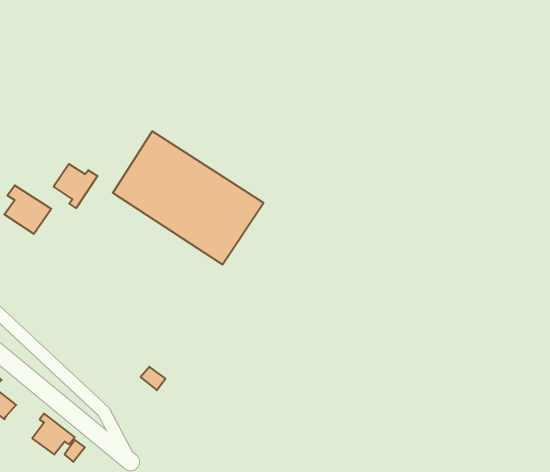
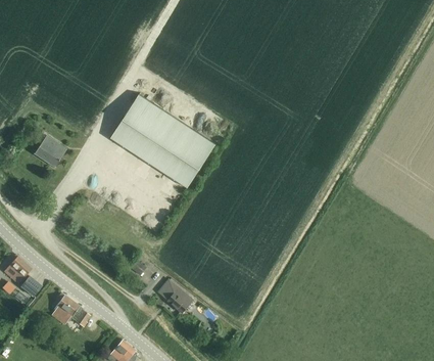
building: [54,164,97,208] -> none
building: none -> [158,280,193,313]

